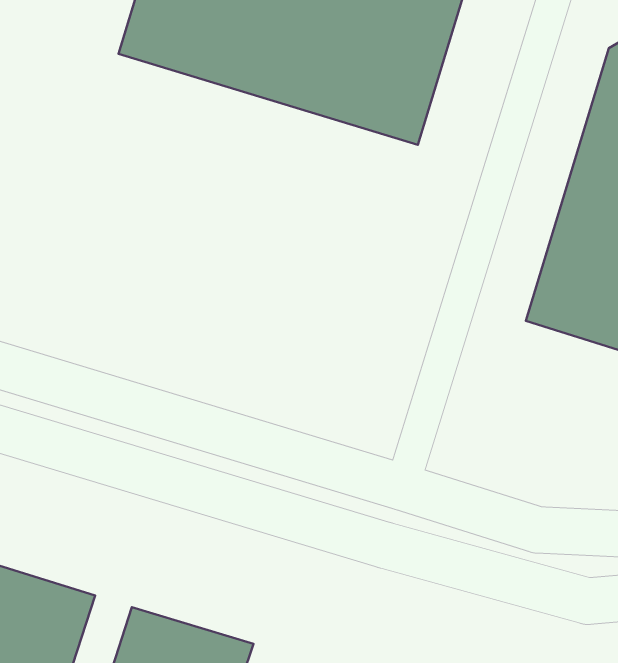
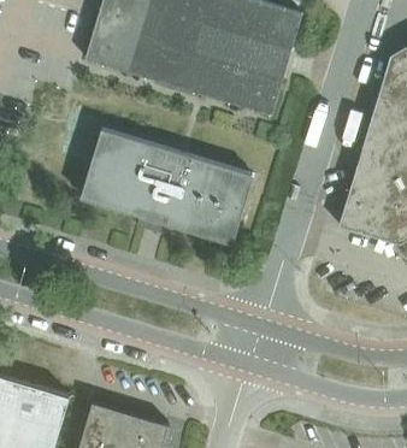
building: none -> [81,129,254,243]

